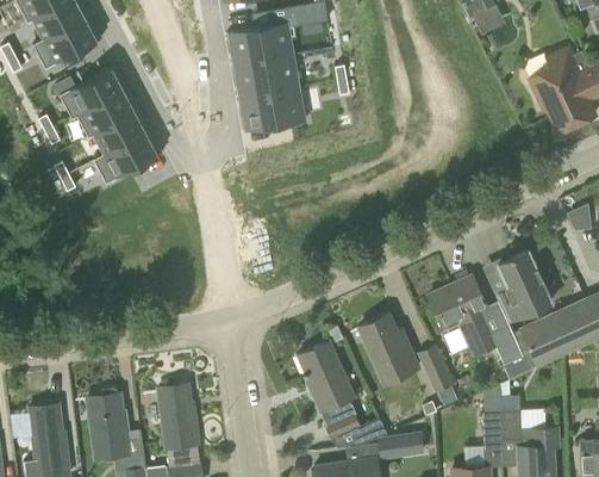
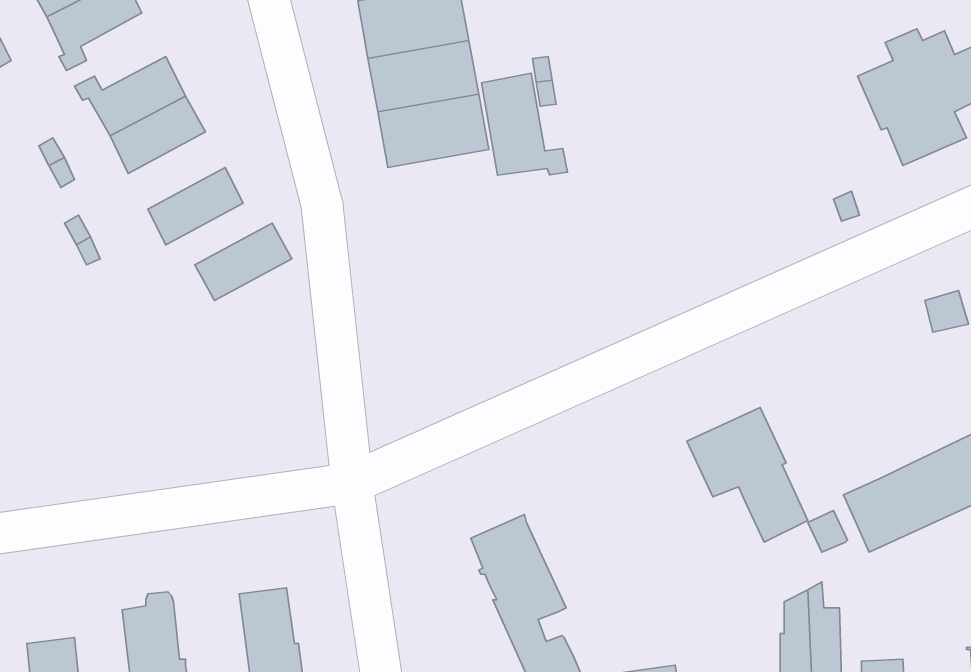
building: none -> [481,73,568,175]
building: [91,111,149,157] -> [195,223,292,301]
building: [494,250,550,322] -> none
building: [358,315,417,384] -> none
building: [416,345,453,394] -> none

